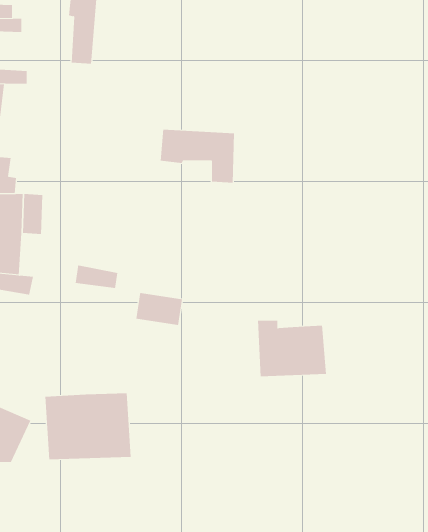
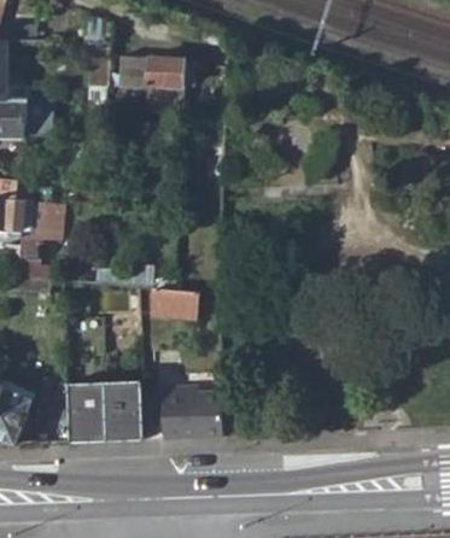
building: [160,129,235,183] -> [116,55,185,105]
building: [257,320,327,377] -> [159,387,223,439]

